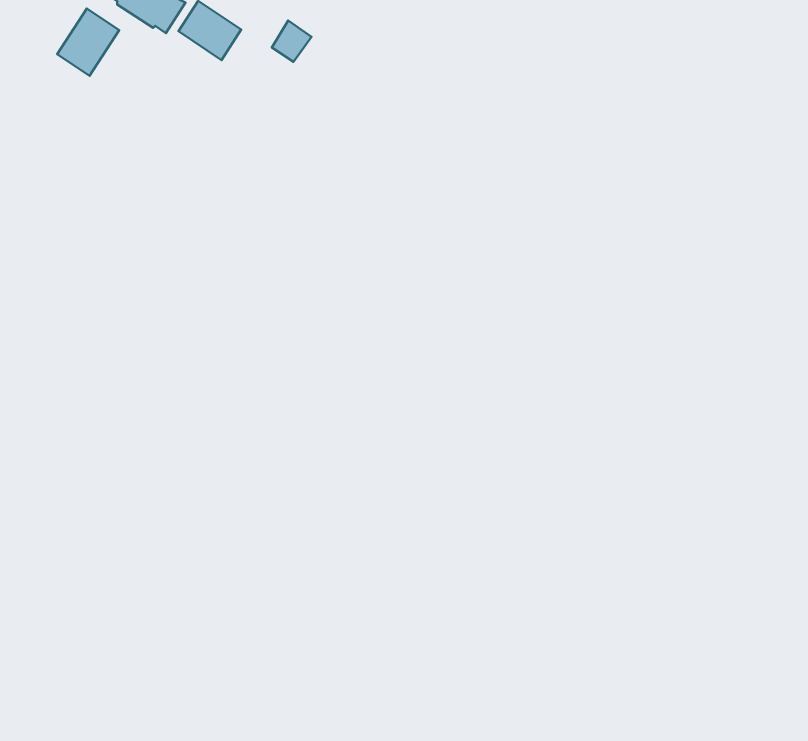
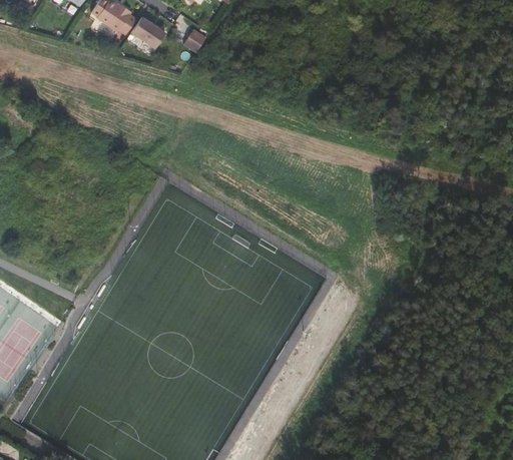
building: [57,9,119,76] -> none

